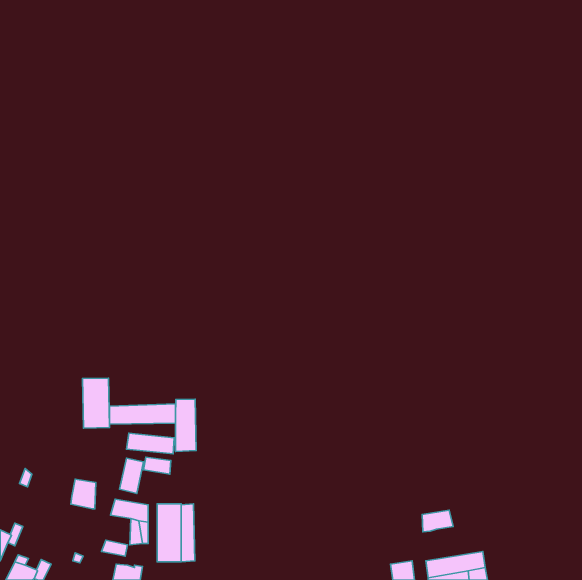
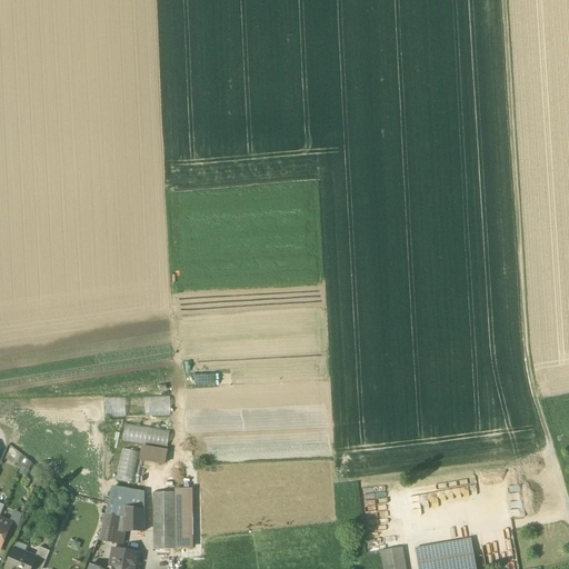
building: [83,378,109,428] -> none
building: [175,399,196,451] -> none
building: [71,479,96,509] -> [103,503,128,532]
building: [422,510,453,532] -> none

